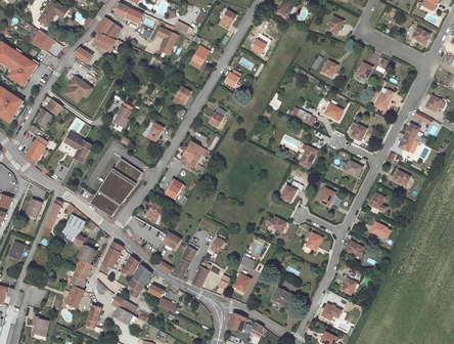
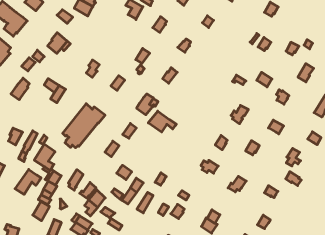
building: none -> [148,111,176,132]
building: none -> [15,169,41,194]

